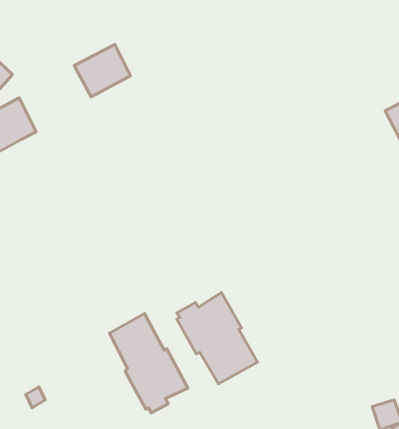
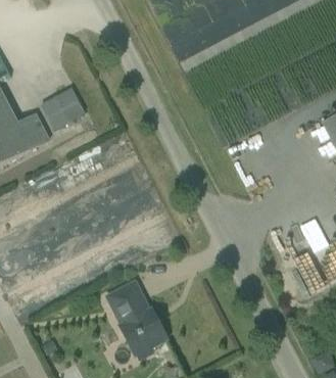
building: [74,44,130,97] -> [40,86,84,127]
building: [177,293,258,384] -> none

